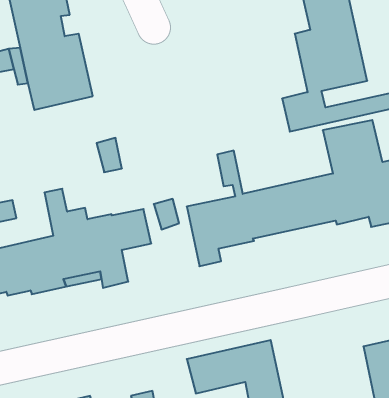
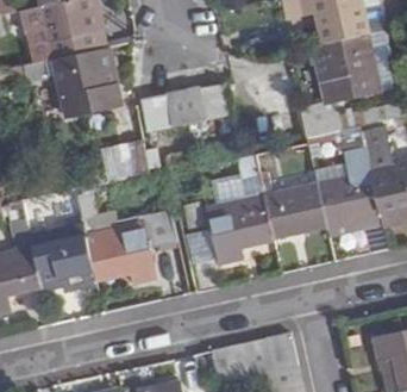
building: none -> [140,83,230,130]

